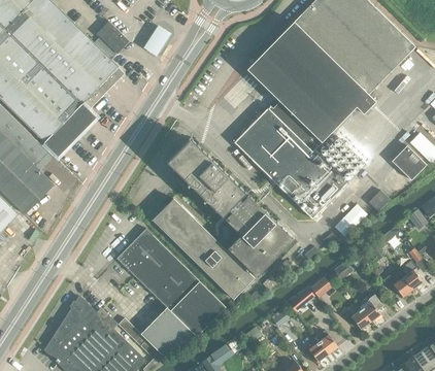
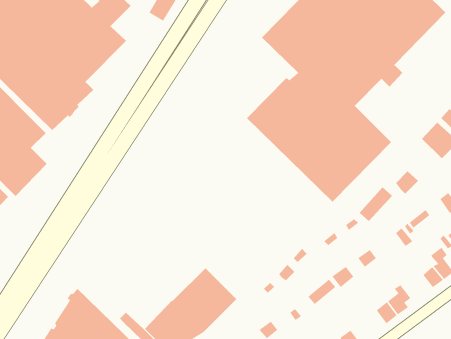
building: [152,141,291,299] -> none
building: [115,229,196,308] -> none

